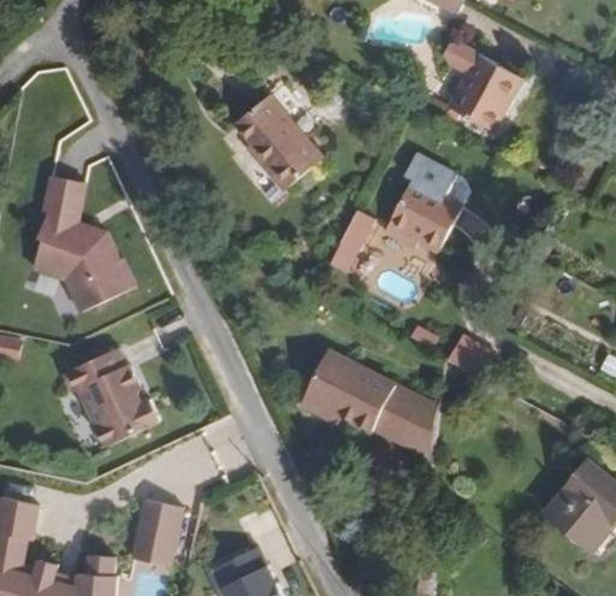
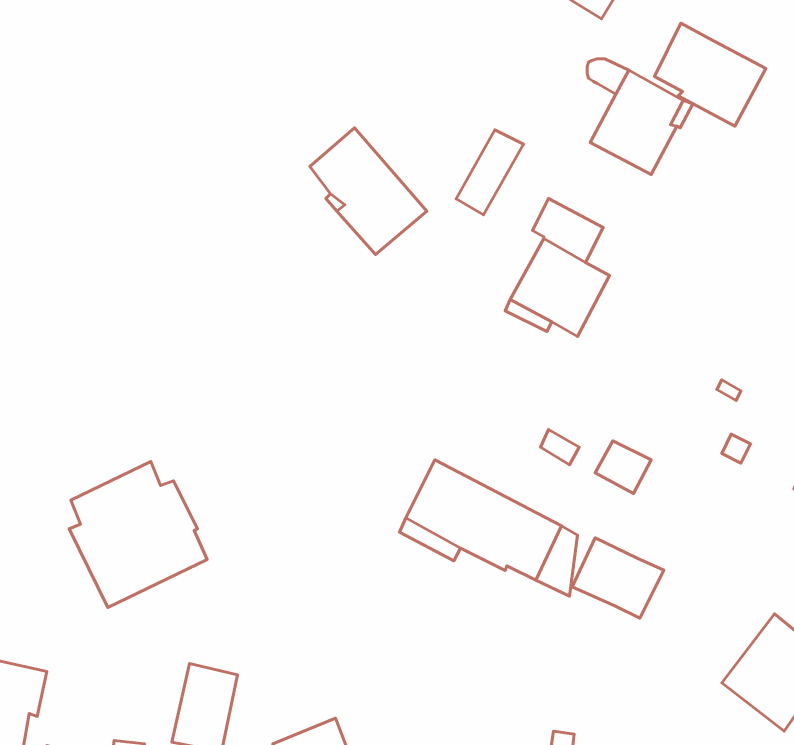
building: none -> [654,23,766,126]
building: [32,176,135,311] -> none
building: [330,208,380,272] -> [456,130,524,215]
building: none -> [572,538,664,618]

